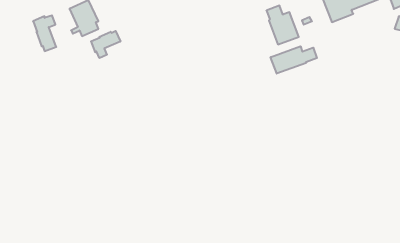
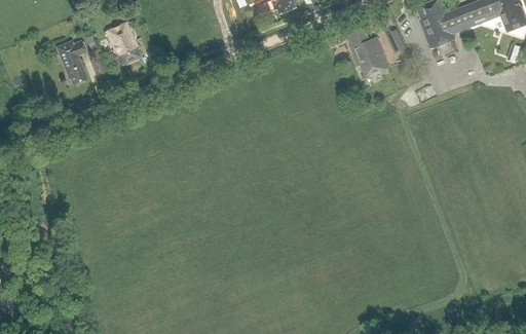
building: [91,31,120,58] -> none
building: [271,46,317,74] -> none

